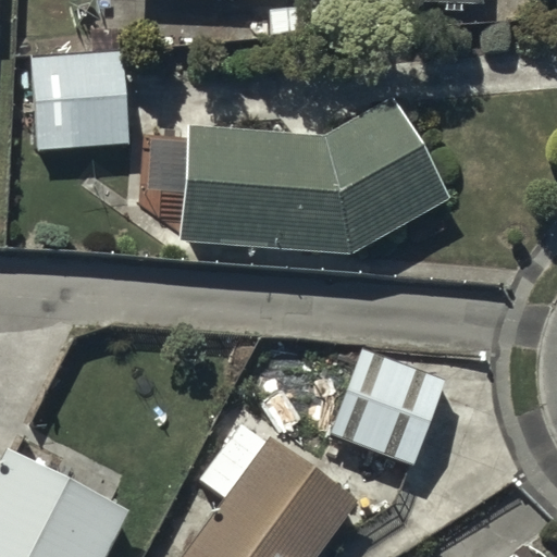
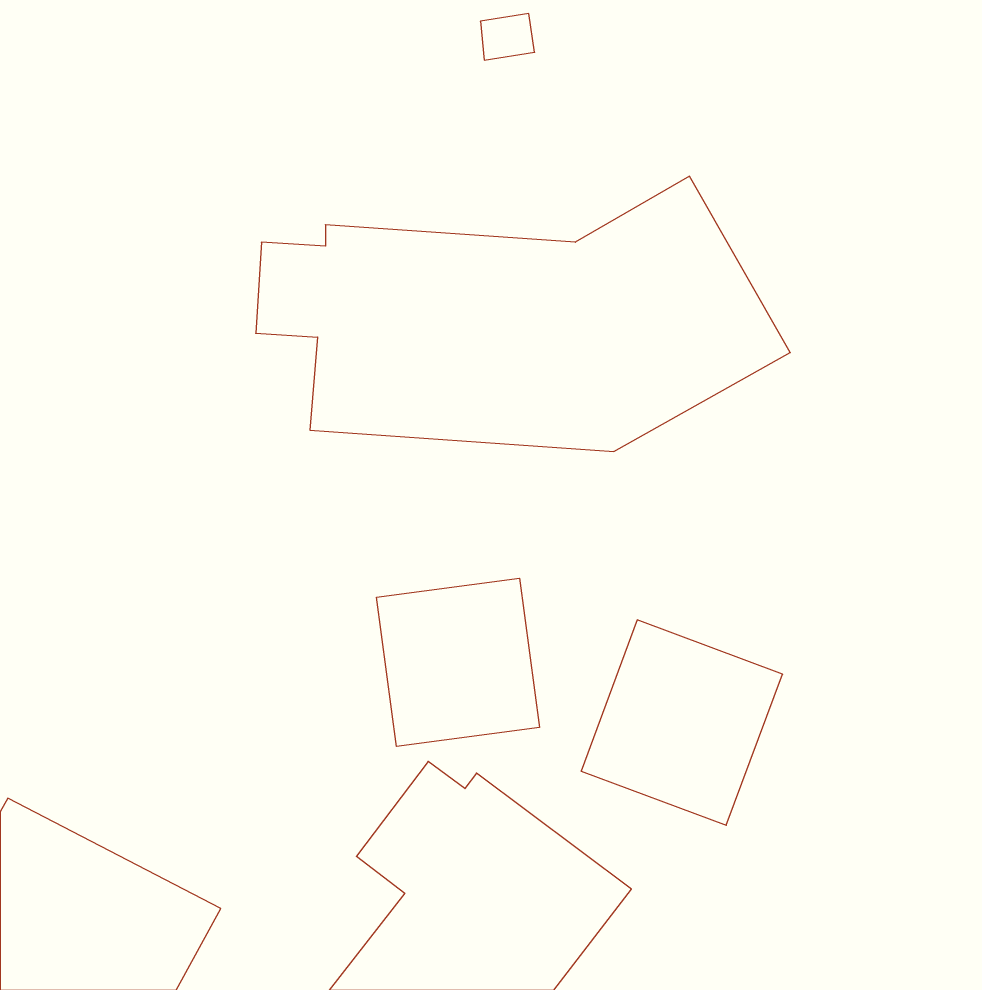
building: [33,52,127,148] -> none
building: none -> [377,578,539,746]

